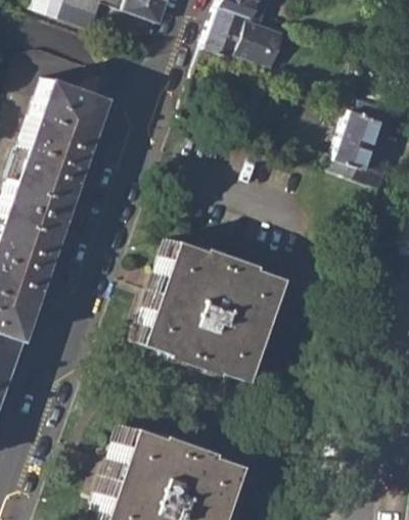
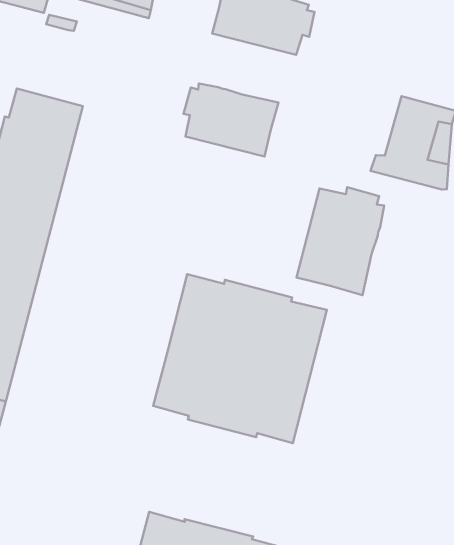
building: none -> [184,84,279,157]
building: none -> [296,187,384,295]

